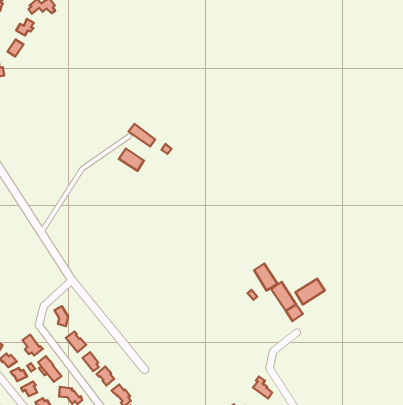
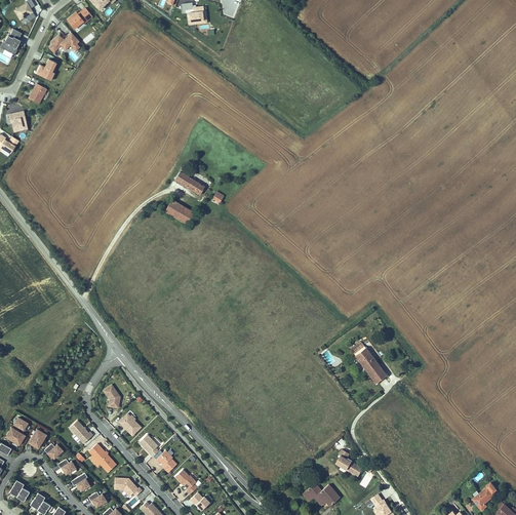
building: [254,263,278,291] -> none
building: [295,279,325,305] -> none

